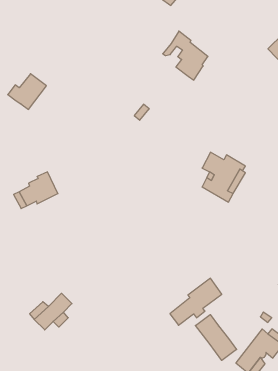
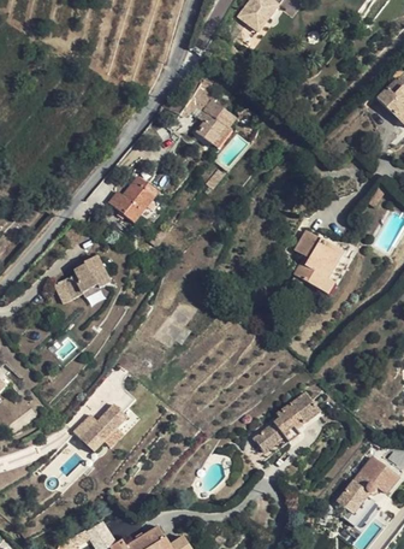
building: [163,31,208,80] -> [178,85,236,148]
building: [8,74,46,109] -> [108,176,158,222]
building: [195,315,237,360] -> none

